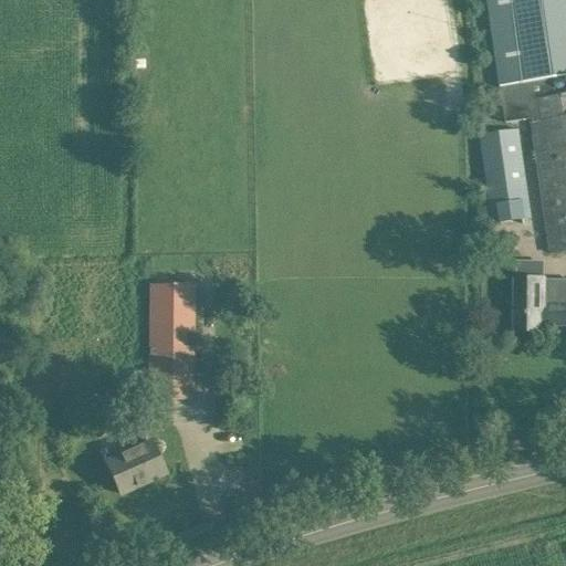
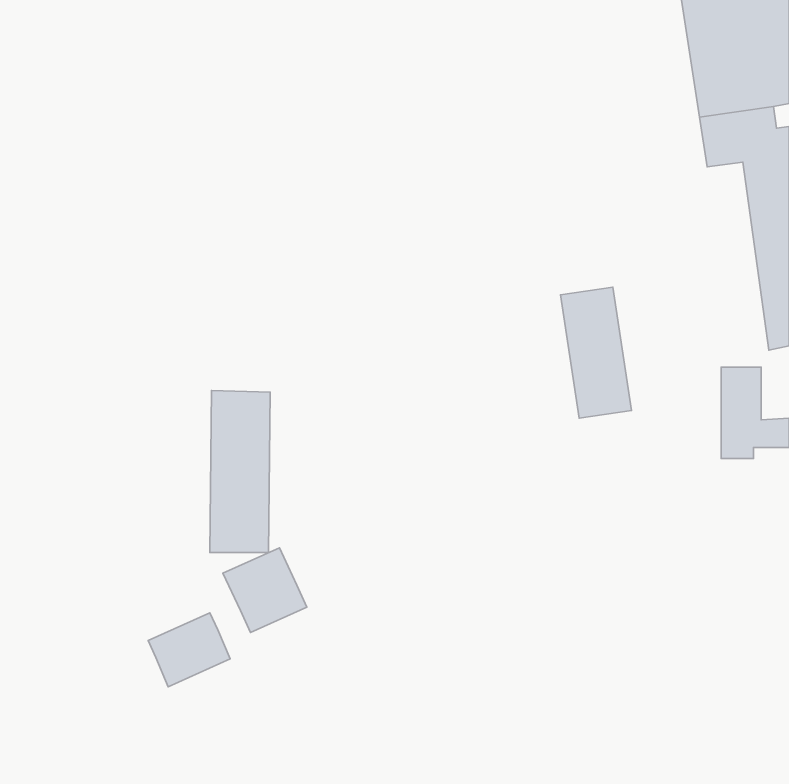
building: [481,126,532,220] -> [560,287,632,418]
building: none -> [223,548,307,633]

